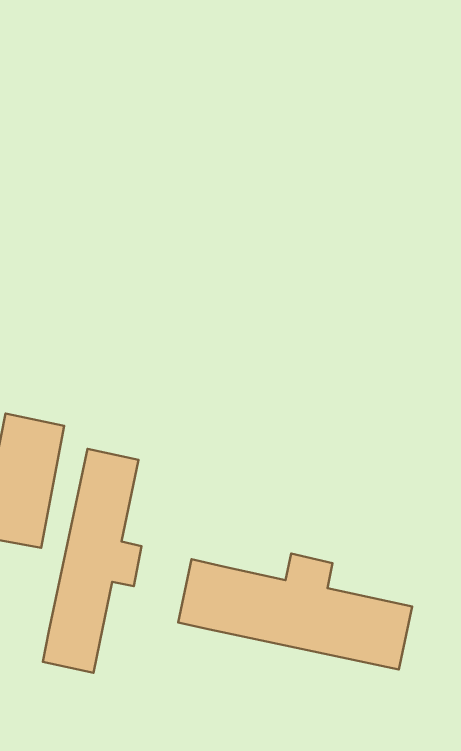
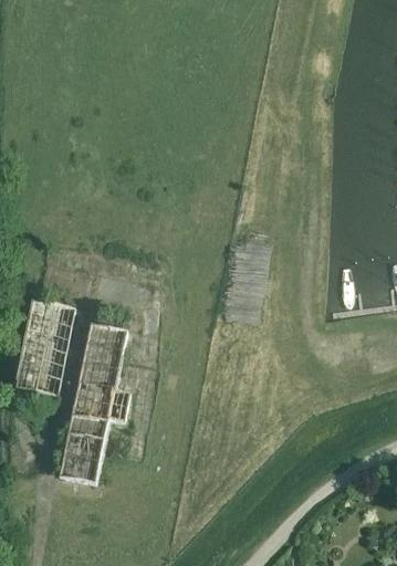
building: [178,553,412,670] -> none

